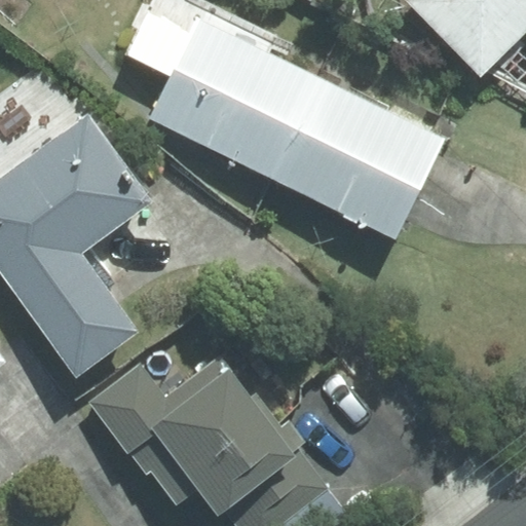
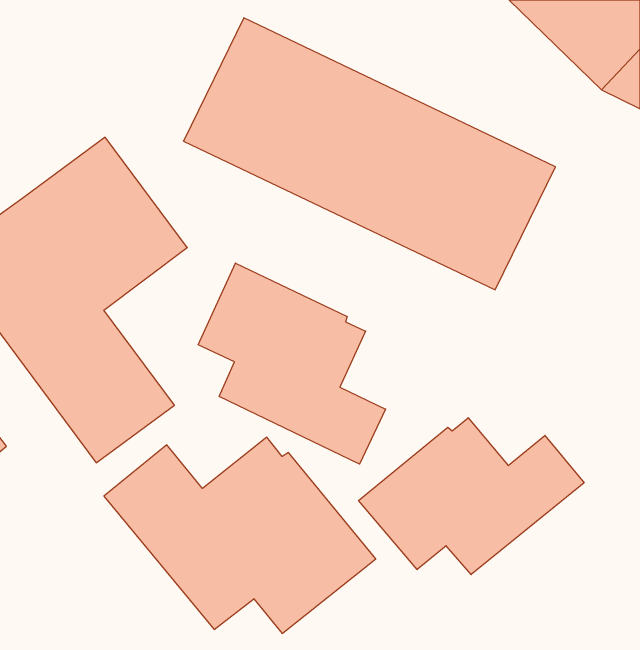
building: none -> [198,263,386,464]
building: none -> [359,418,584,575]

